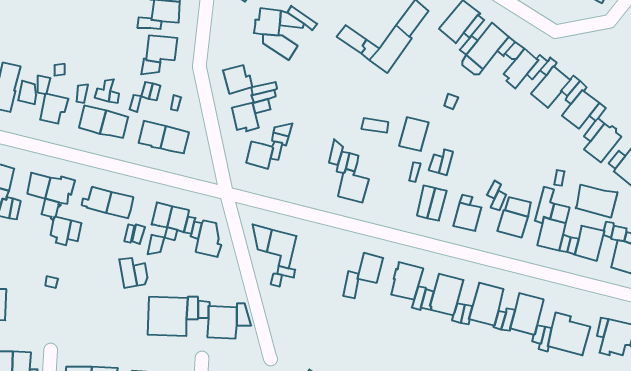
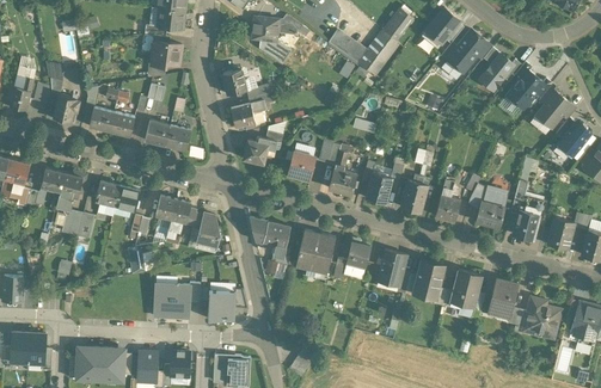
building: [399,117,429,151] -> [366,172,393,203]
building: none -> [287,146,314,183]
building: [576,185,617,218] -> none
building: none -> [296,229,336,278]

